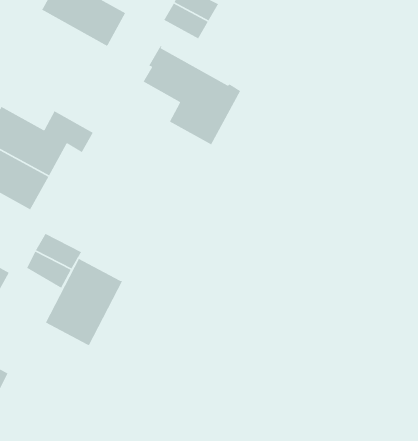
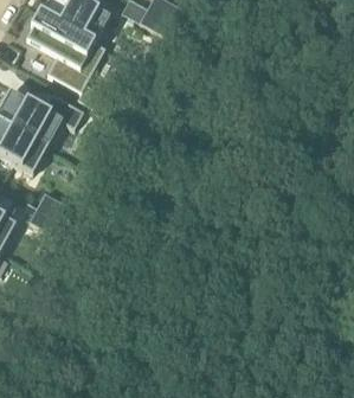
building: [142,45,241,145] -> [25,7,104,88]
building: [45,258,123,346] -> none

